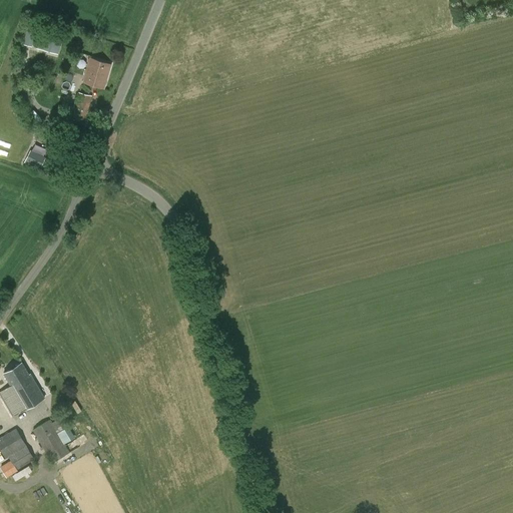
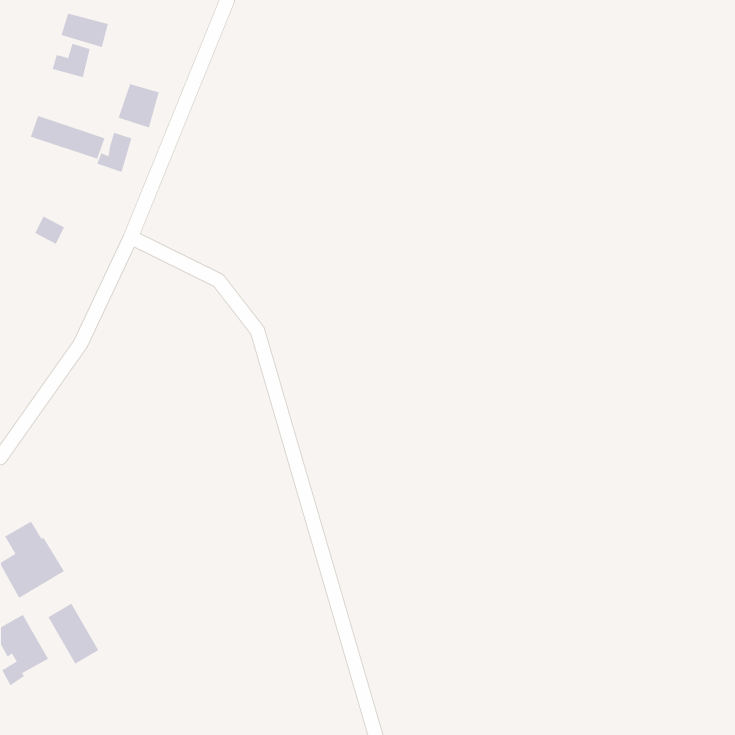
building: none -> [61,13,109,48]
building: none -> [30,115,105,159]

